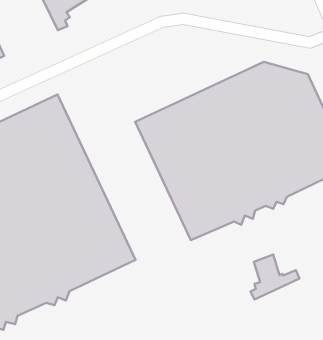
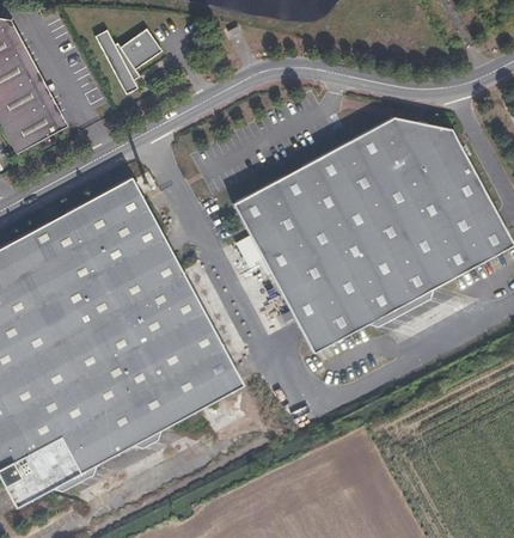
building: [251,255,300,299] -> none

